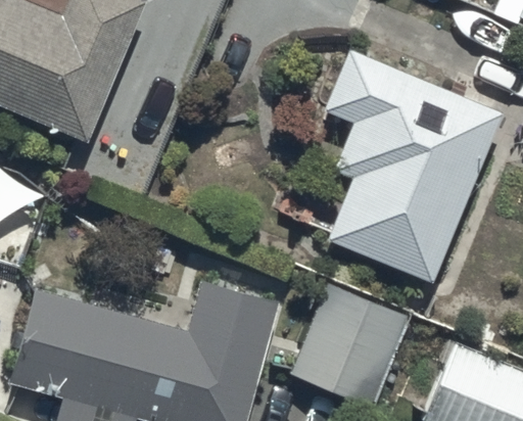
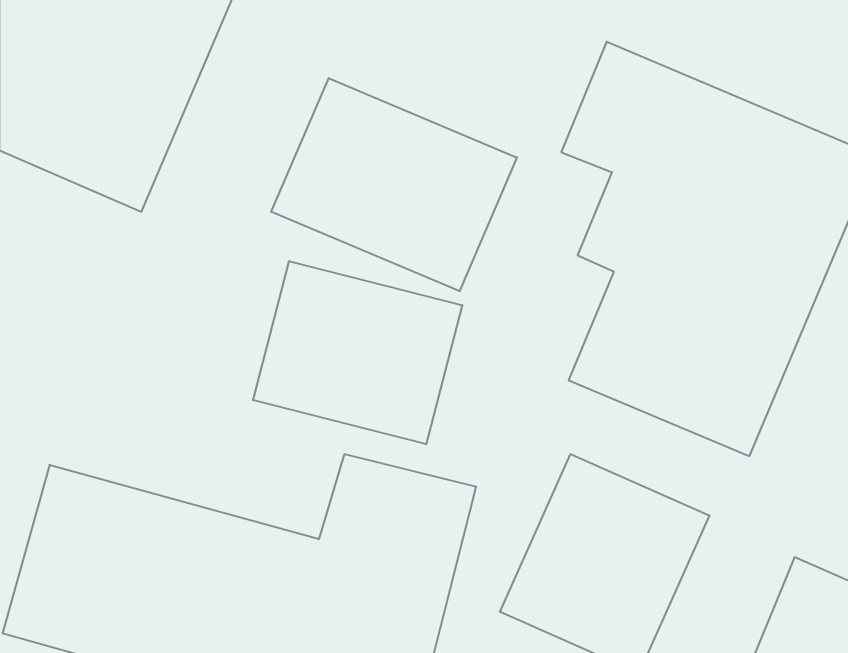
building: none -> [271,78,517,291]
building: none -> [253,261,462,444]

